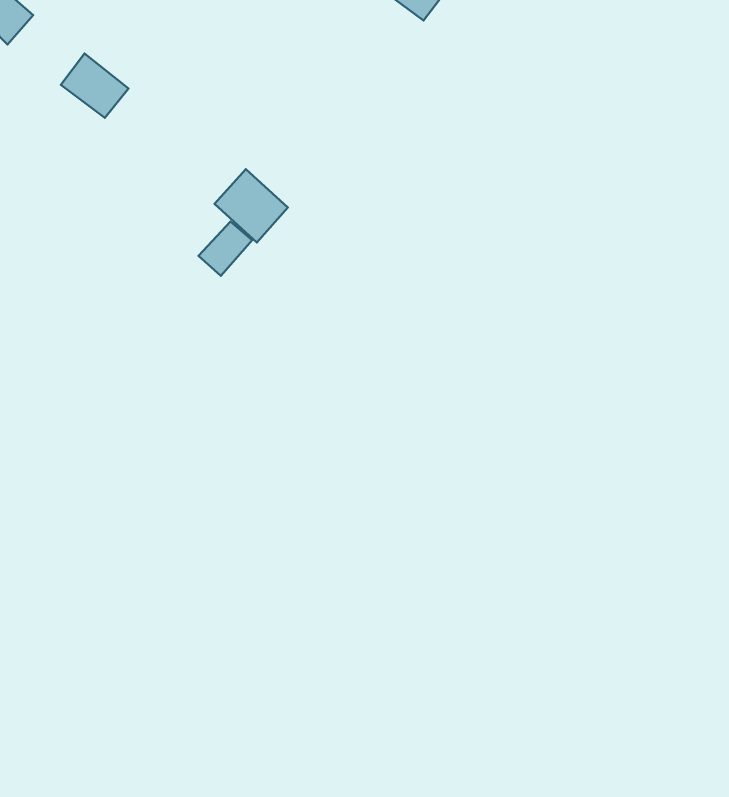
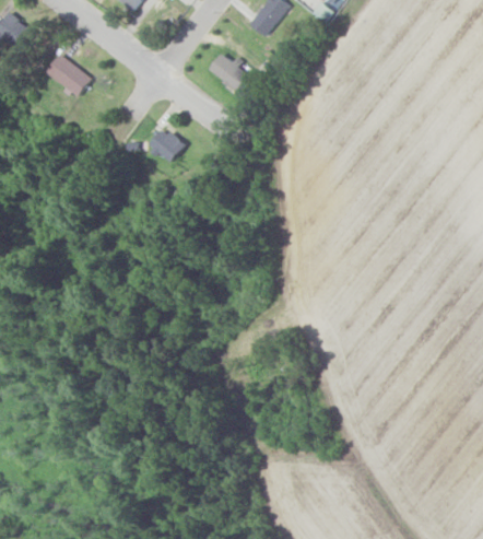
building: none -> [207,51,260,99]
building: [199,222,252,276] -> none

